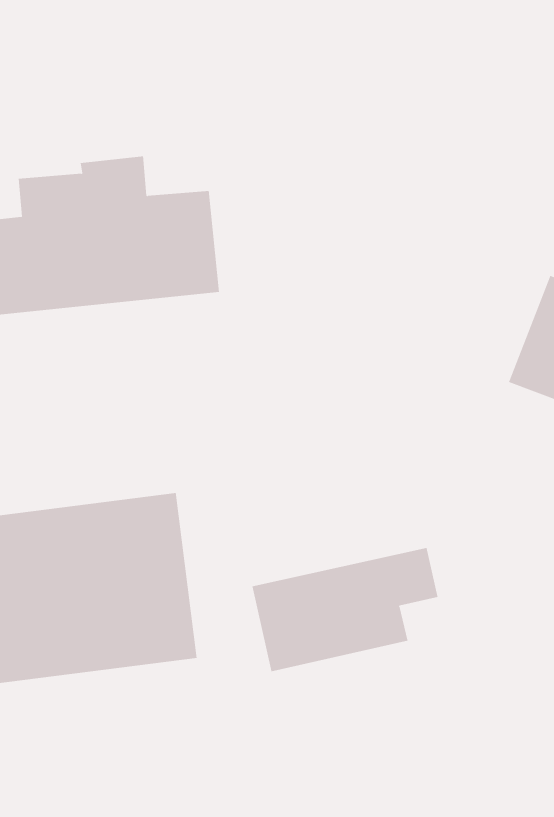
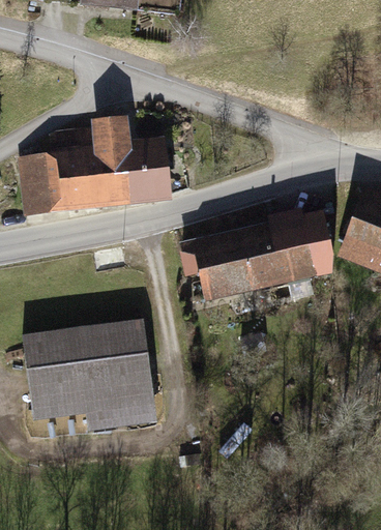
building: none -> [177,209,333,300]
building: [252,547,438,672] -> none

